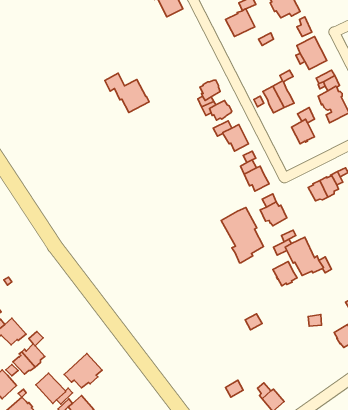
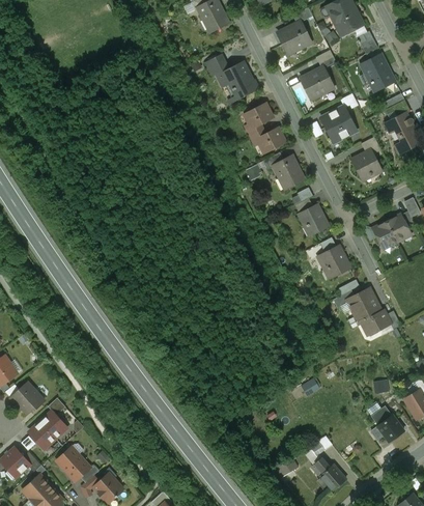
building: none -> [301,66,334,100]
building: [105,73,149,112] -> [205,55,257,101]
building: [221,207,263,263] -> none
building: [273,261,297,286] -> none
building: none -> [368,406,402,442]
building: [64,354,102,388] -> none

